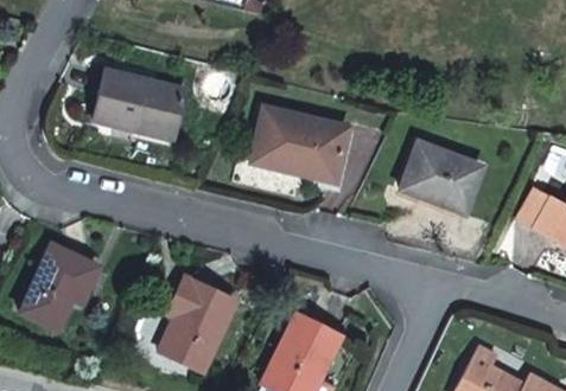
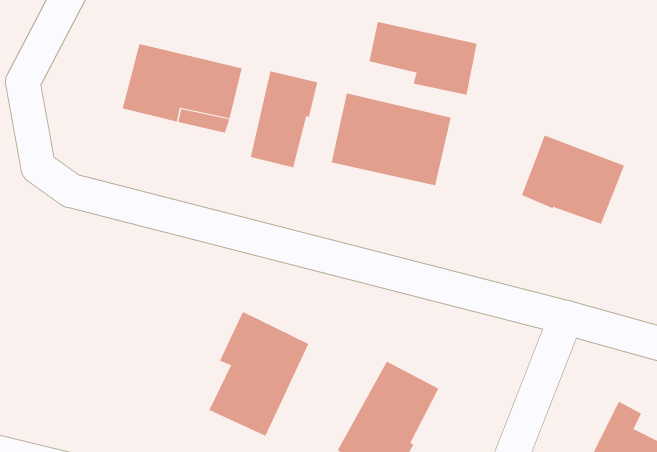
building: none -> [369,21,477,96]
building: none -> [250,71,318,168]
building: [23,246,100,331] -> none

